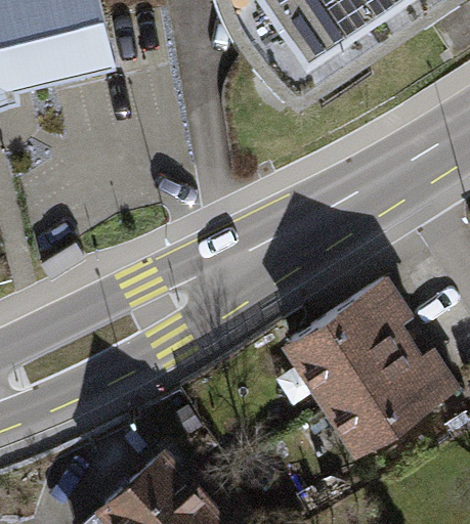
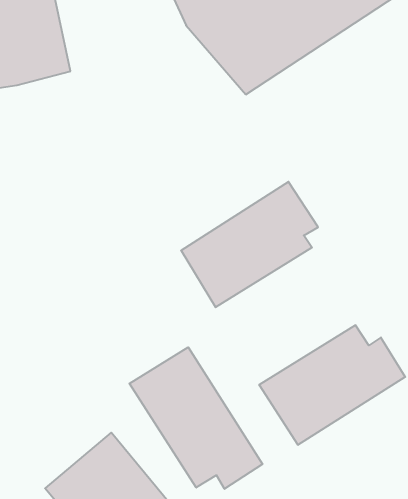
building: [276,268,415,395] -> [181,182,318,307]
building: none -> [129,347,262,489]

